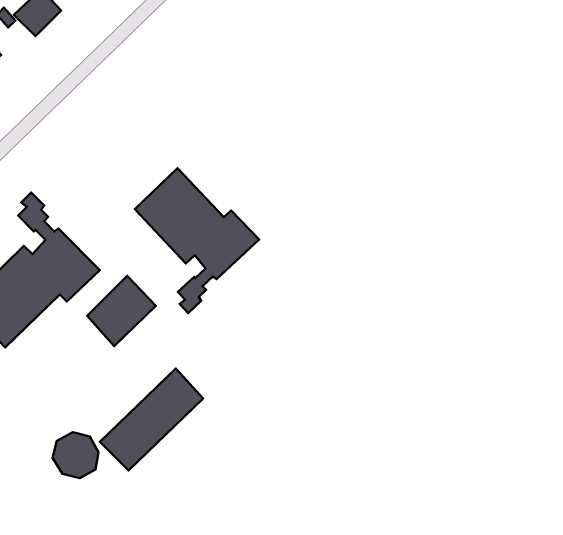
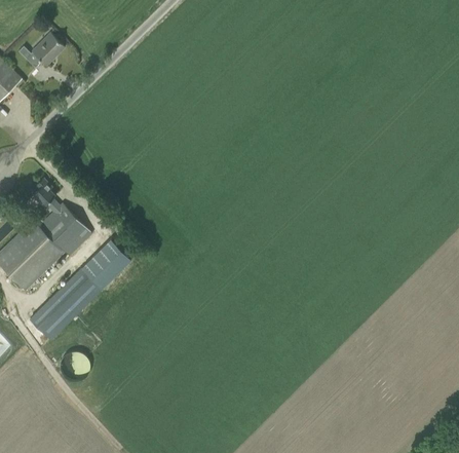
building: [135,168,259,313] -> none
building: [100,369,203,470] -> [28,267,102,340]

